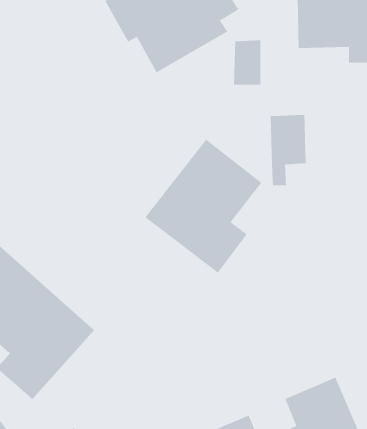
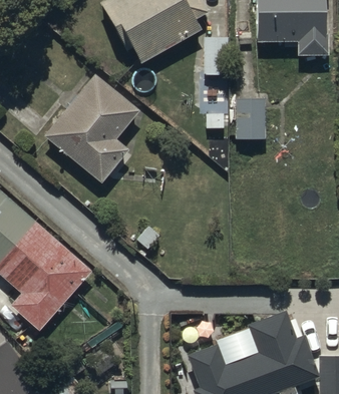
building: [145,139,262,274] -> [43,73,139,183]

